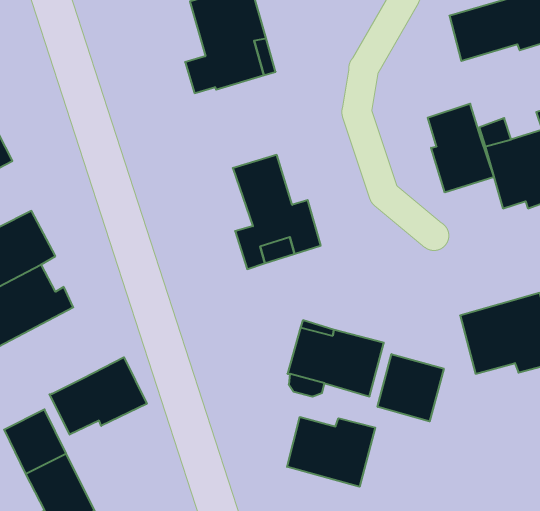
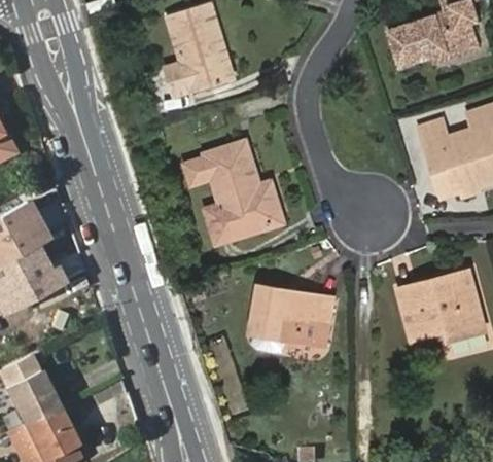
building: [428,104,494,192] -> none
building: [378,354,444,421] -> none
building: [49,357,147,435] -> none
building: [287,417,375,487] -> none

